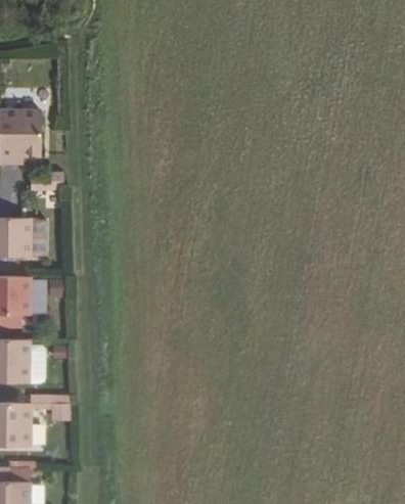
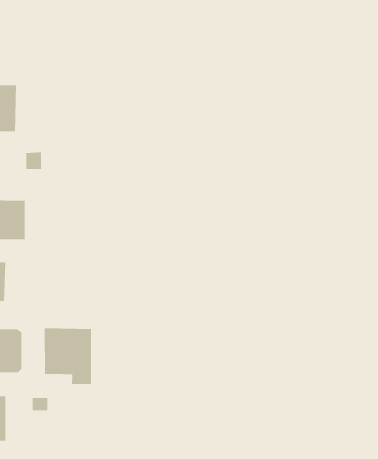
building: none -> [44,328,92,385]

